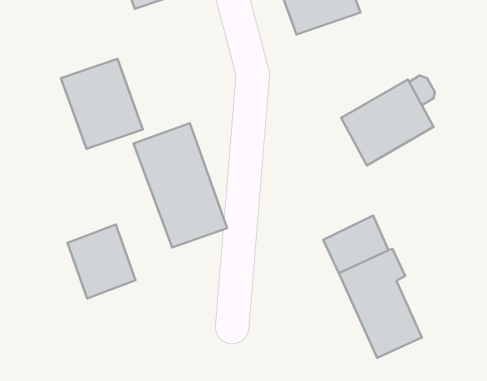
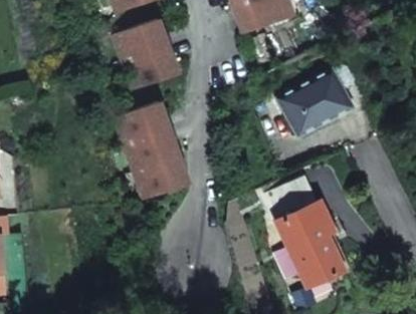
building: [61,59,143,149] -> [115,20,179,90]
building: [68,225,135,298] -> none

